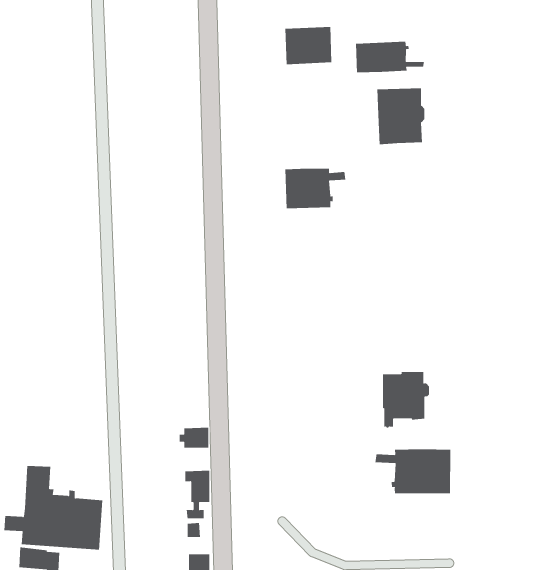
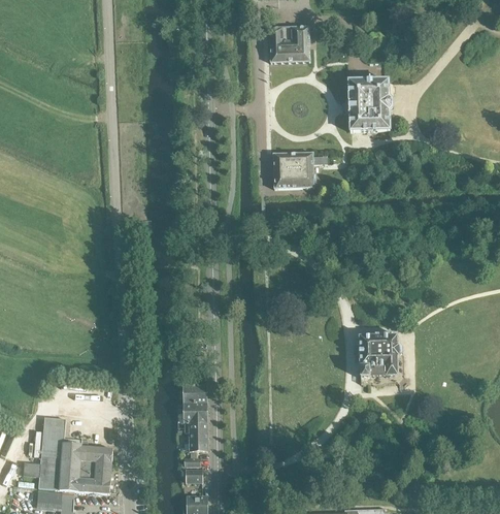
building: [355,41,424,73] -> none
building: none -> [182,401,206,422]
building: [375,449,451,494] -> none

